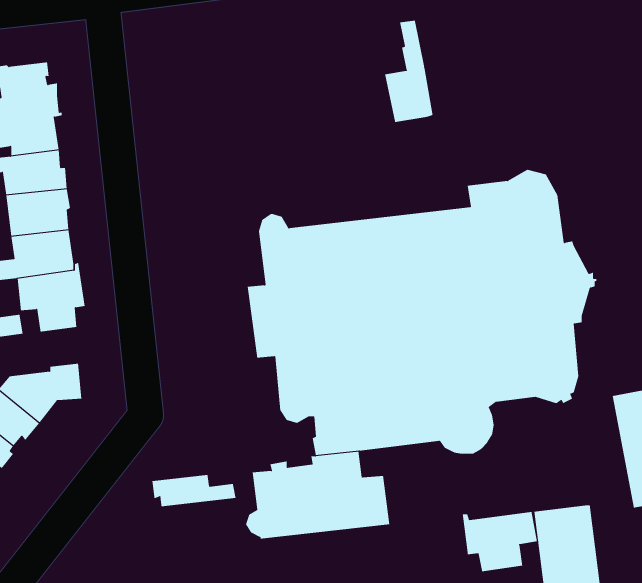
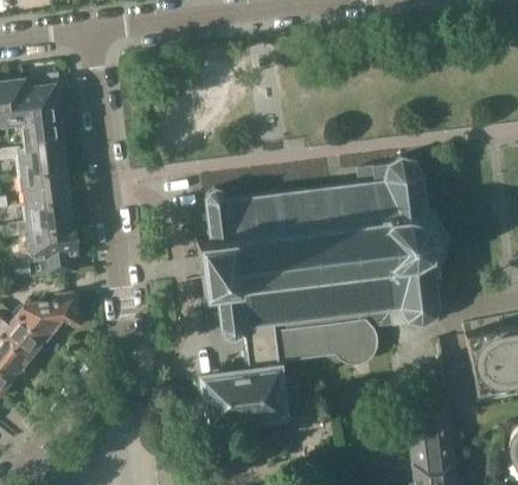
building: [385,20,433,123] -> none
building: [152,474,236,507] -> none
building: [462,511,537,572] -> none

